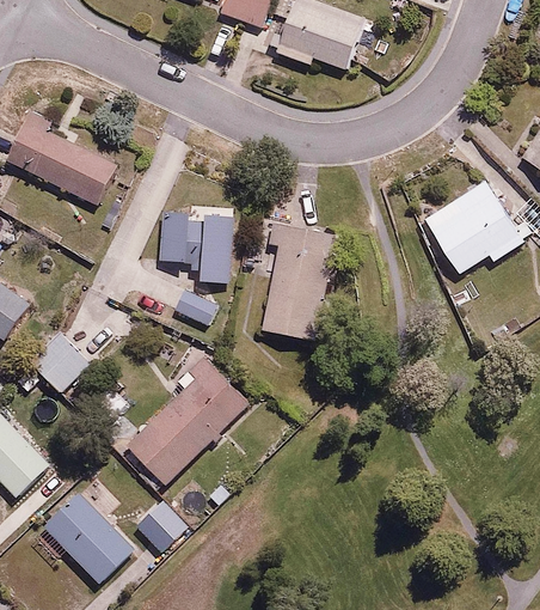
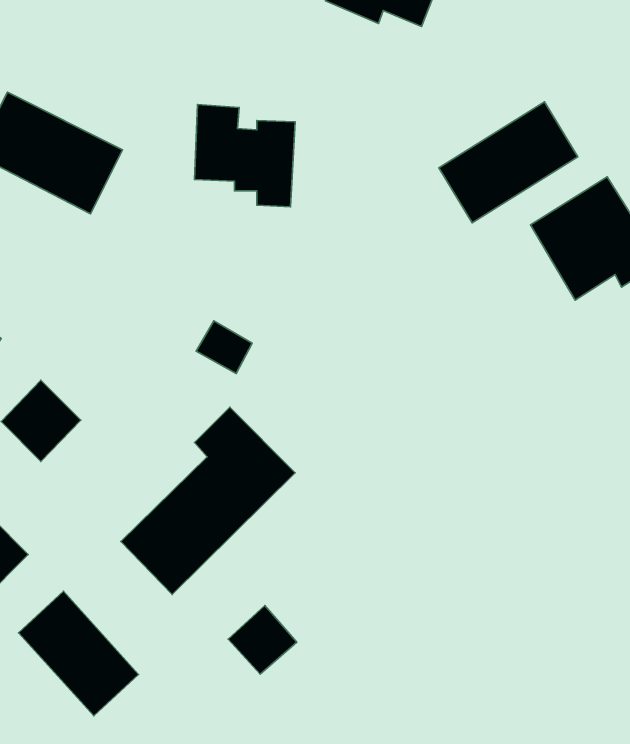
building: none -> [439,102,578,223]
building: [157,206,232,282] -> [194,104,295,207]
building: [264,228,332,338] -> none
building: [135,500,186,551] -> [228,605,297,674]

